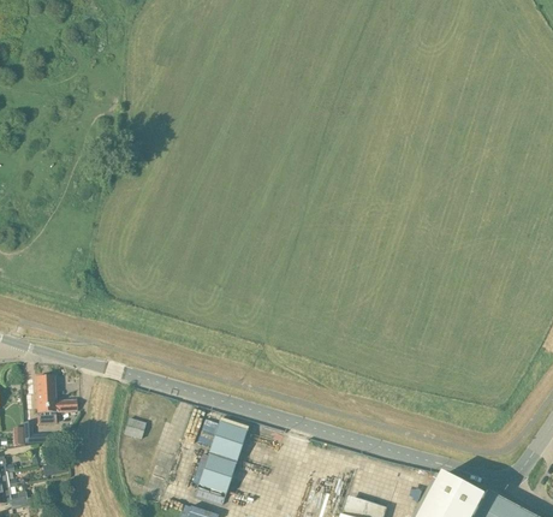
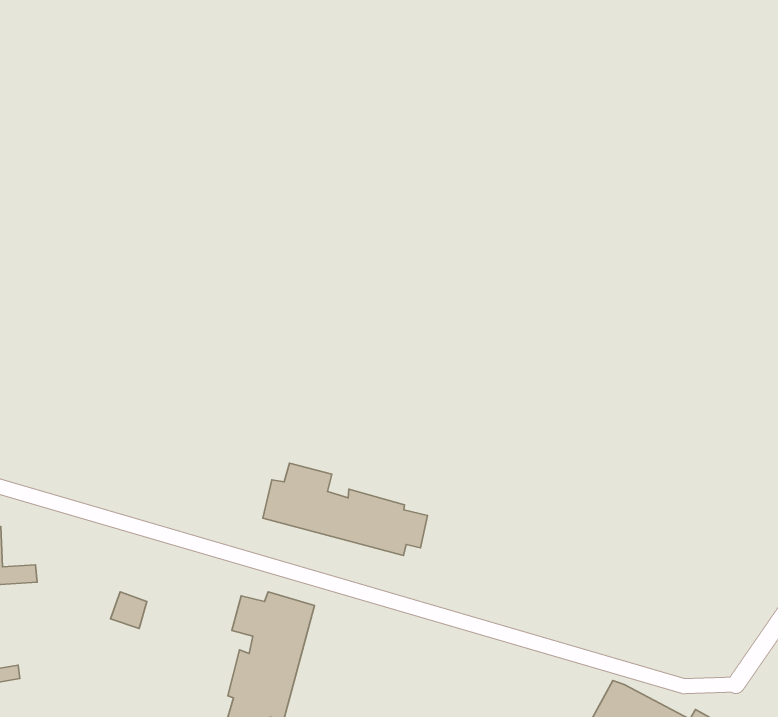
building: none -> [263,463,427,556]

